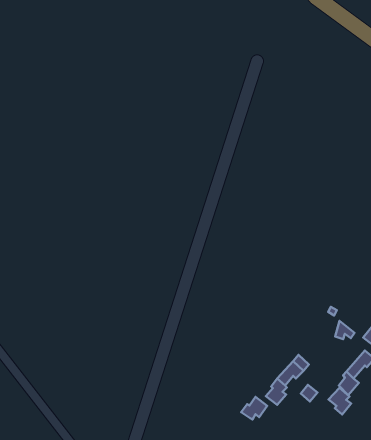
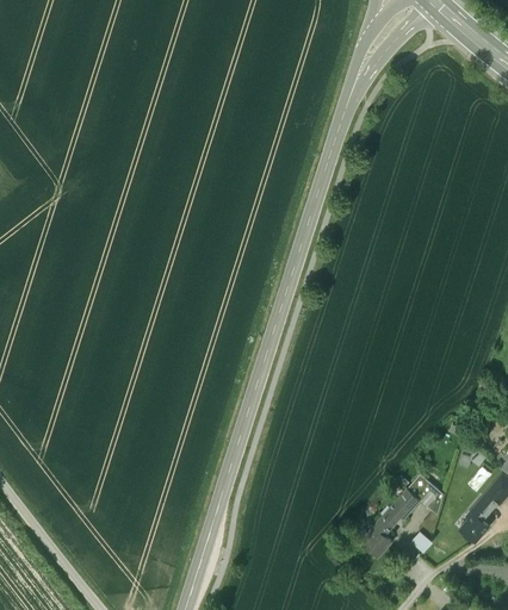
building: [329,388,351,415] -> none
building: [241,397,267,420] -> none

